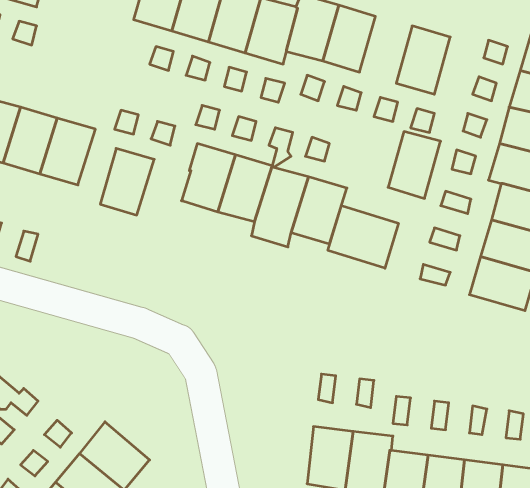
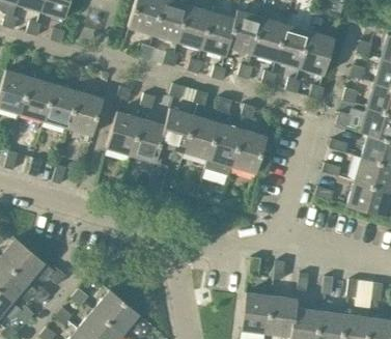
building: [388,132,441,198] -> [276,25,310,68]
building: none -> [131,118,166,162]
building: [328,205,398,268] -> none

